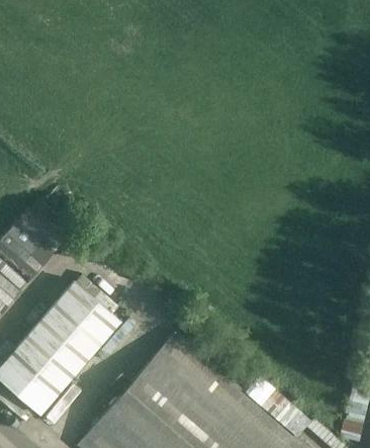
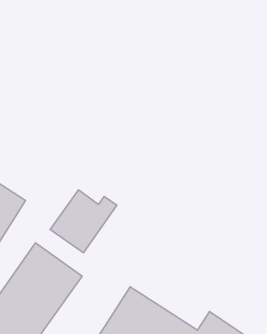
building: none -> [50,190,117,253]

